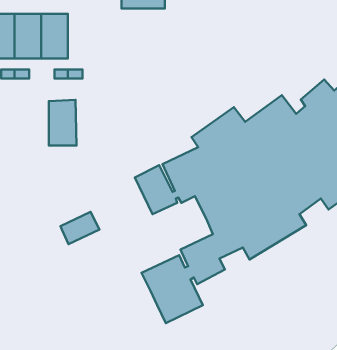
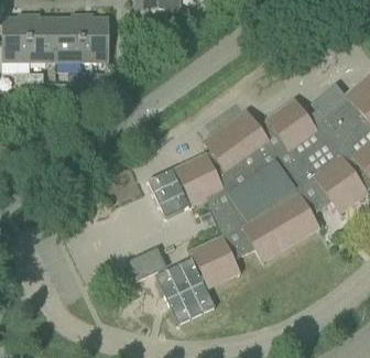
building: [49,100,77,145] -> [83,15,110,61]
building: [61,212,100,244] -> [128,247,166,279]

